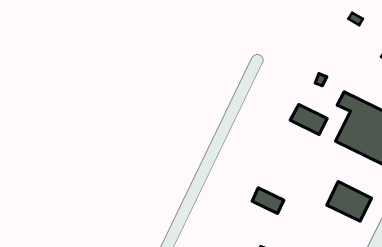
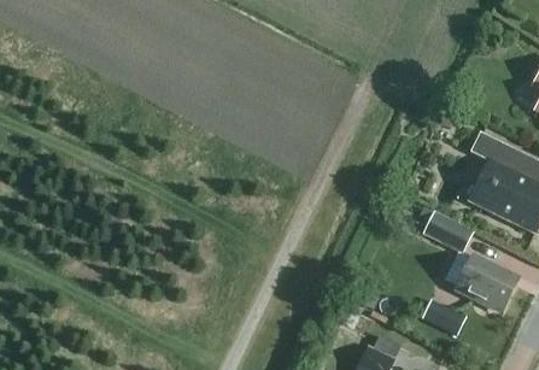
building: [290,104,327,134] -> [423,209,474,249]
building: [252,188,284,213] -> [421,298,464,333]

